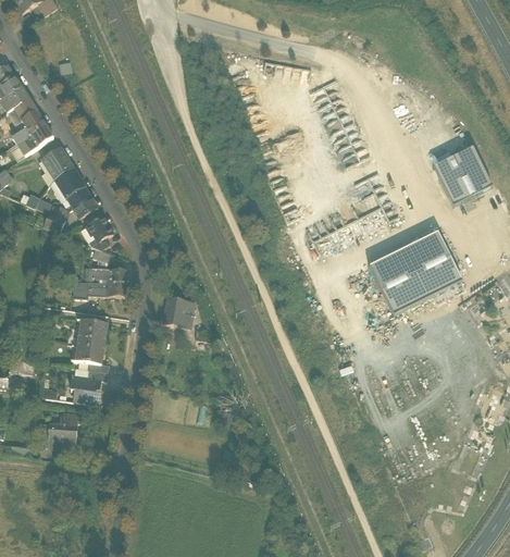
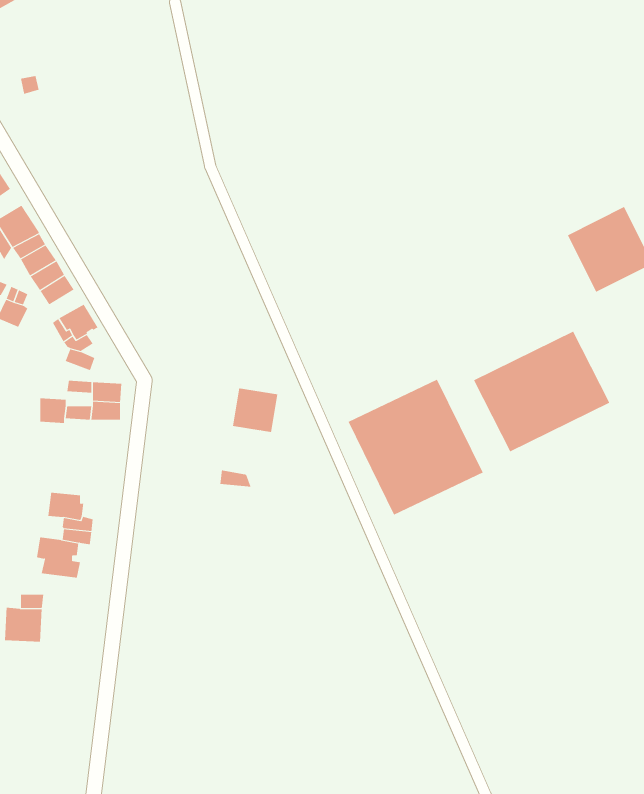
building: none -> [348,379,483,516]
building: [162,294,194,324] -> [232,388,278,432]
building: [78,315,107,344] -> none

